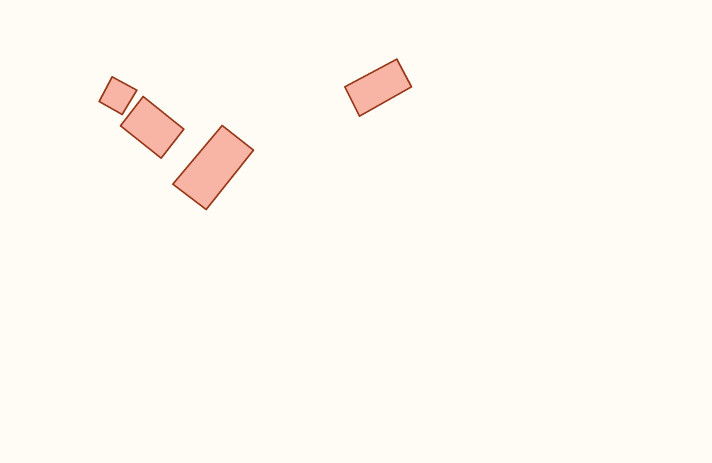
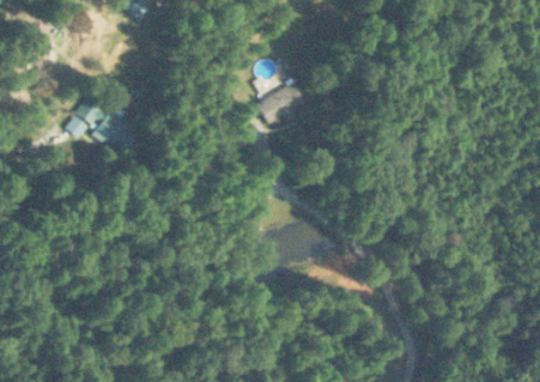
building: [173,125,253,209] -> none

